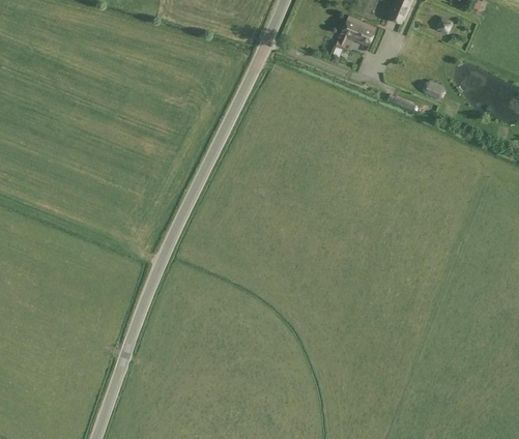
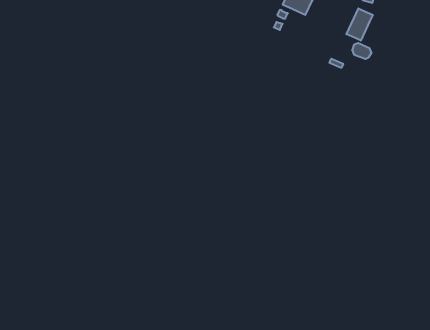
building: none -> [346,8,373,41]

